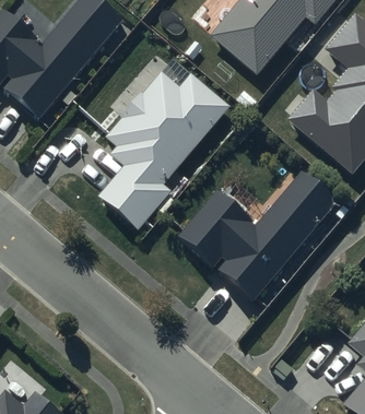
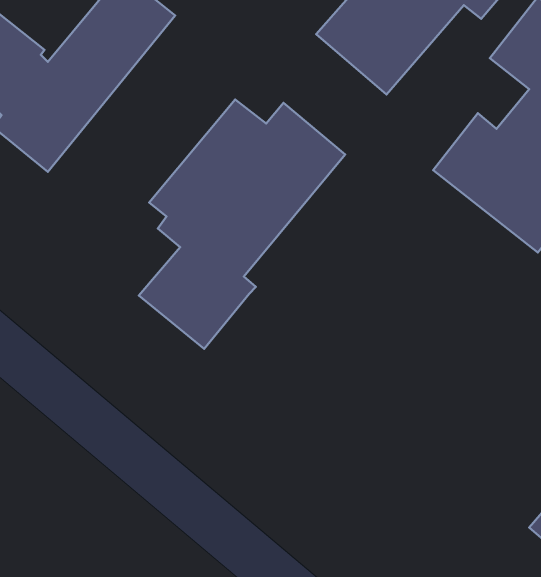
building: [176,167,340,301] -> none

